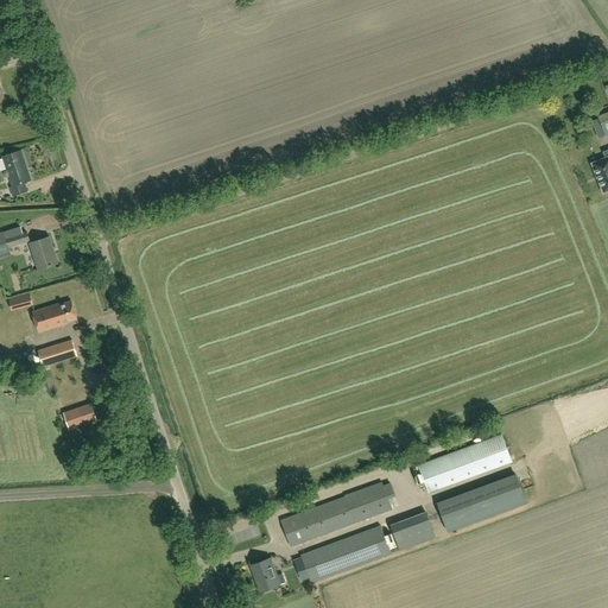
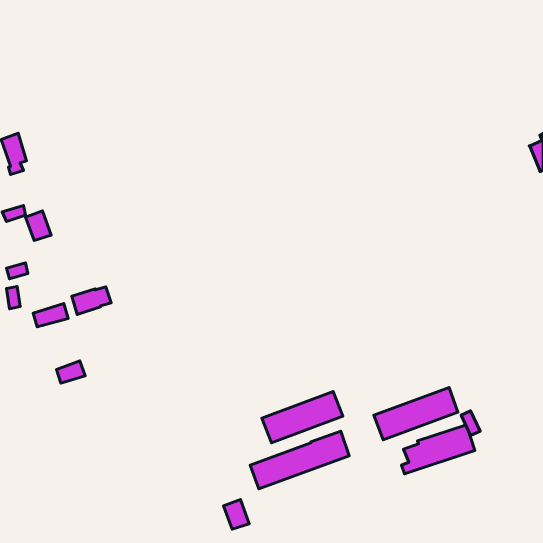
building: [32,302,76,332] -> [72,287,111,314]
building: [391,513,435,549] -> none
building: [299,522,390,580] -> [262,392,343,443]

